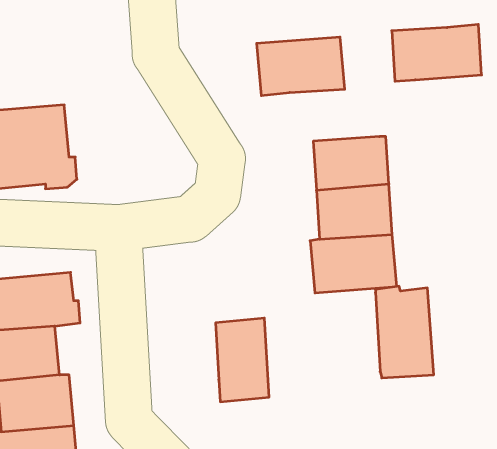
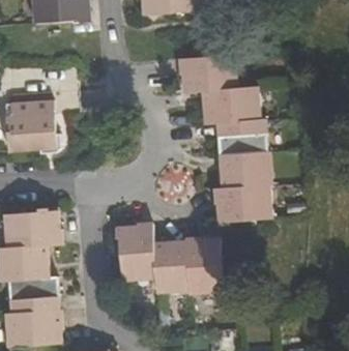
building: [392,24,482,81] -> [201,86,260,123]
building: [375,286,434,378] -> [184,234,223,294]
building: none -> [117,223,154,282]

